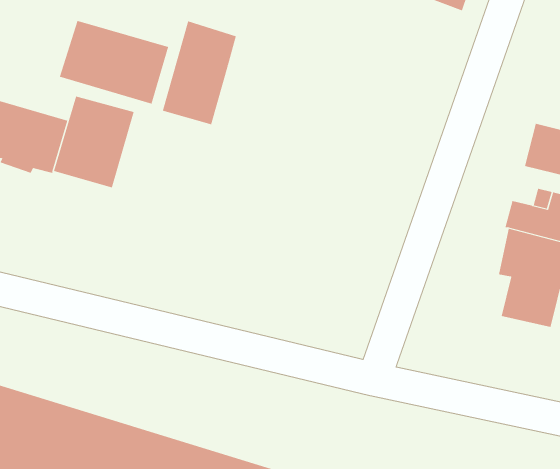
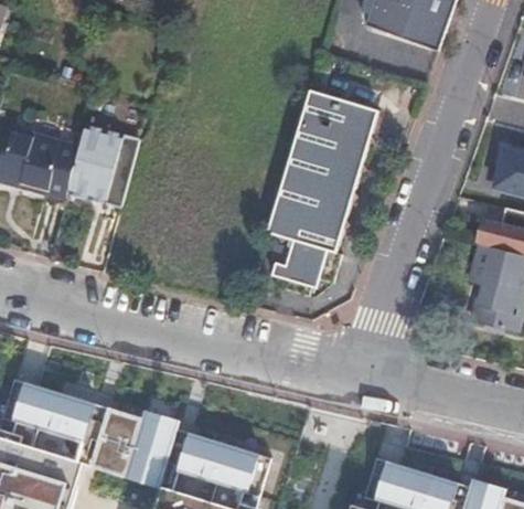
building: [59,20,169,104] -> none
building: [162,21,237,125] -> none
building: none -> [269,88,375,297]

